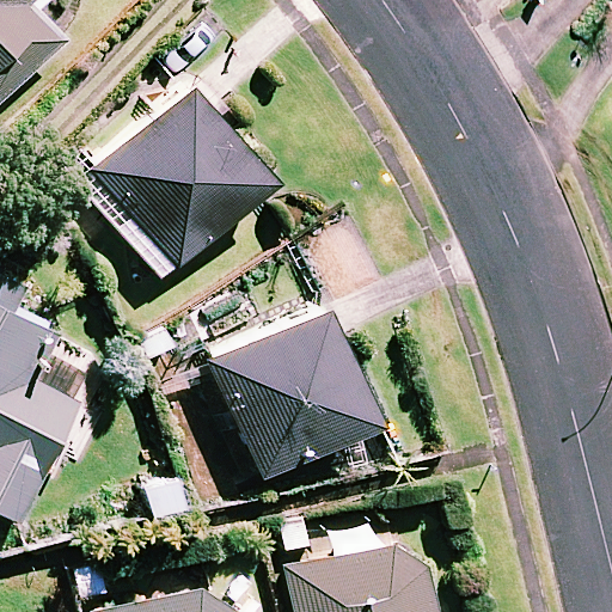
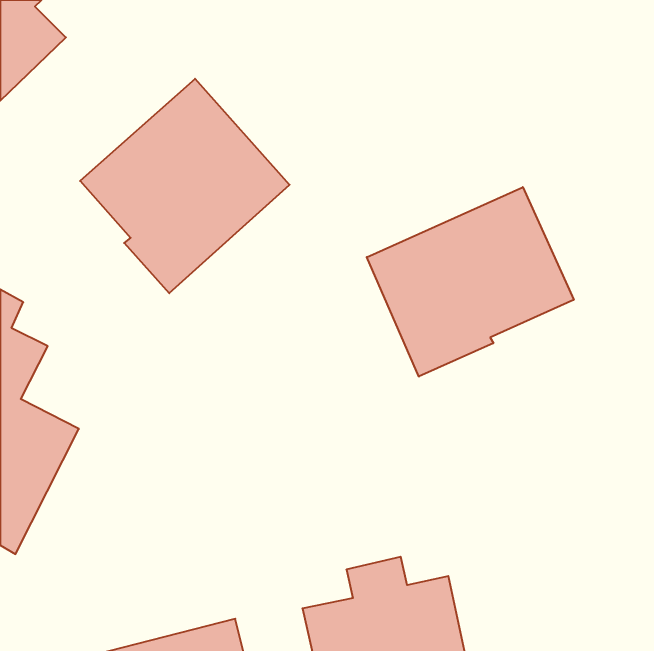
building: none -> [367,187,574,377]
building: [210,308,379,476] -> none

